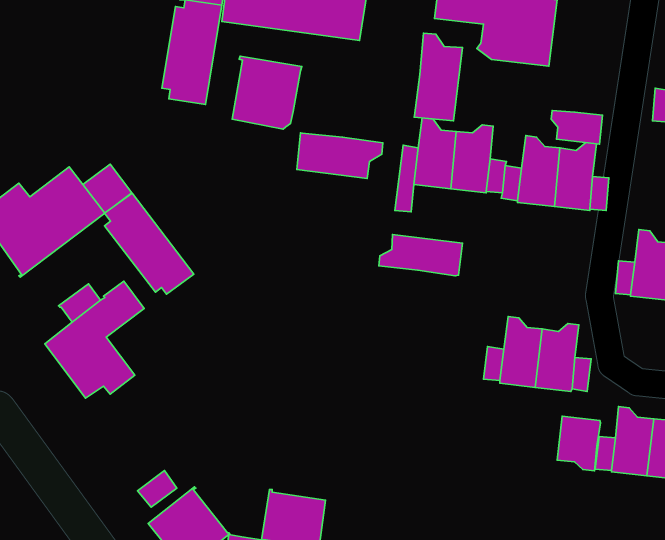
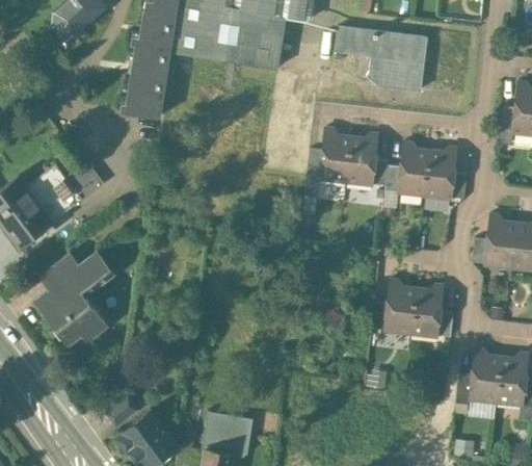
building: [414,33,462,121] -> none
building: [232,56,302,129] -> none
building: [551,111,602,144] -> none
building: [297,133,383,178] -> none
building: [104,193,194,294] -> none
building: [379,235,463,276] -> none
building: [557,416,601,471] -> none

